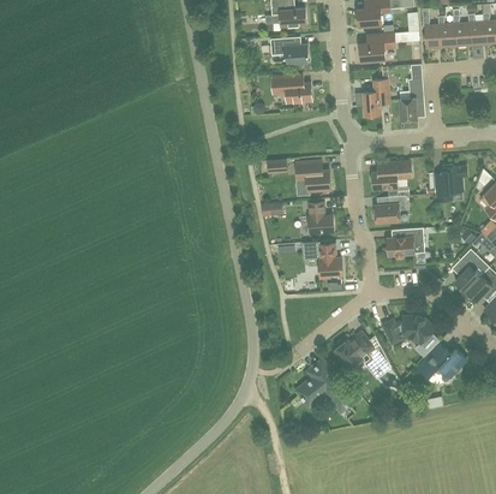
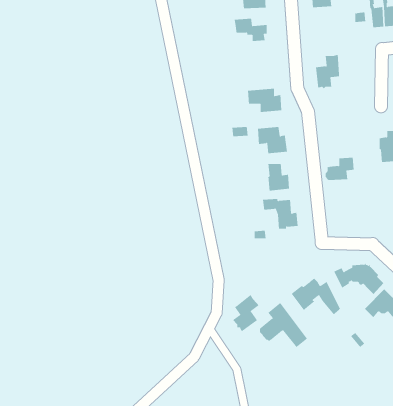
building: [359,32,394,60] -> none
building: [399,65,424,120] -> none
building: [271,75,311,102] -> [247,88,282,113]
building: [370,161,411,195] -> none
building: [387,227,424,257] -> none
building: none -> [232,294,259,332]

